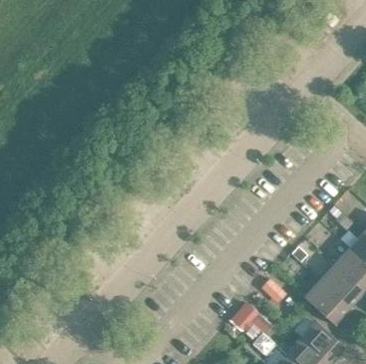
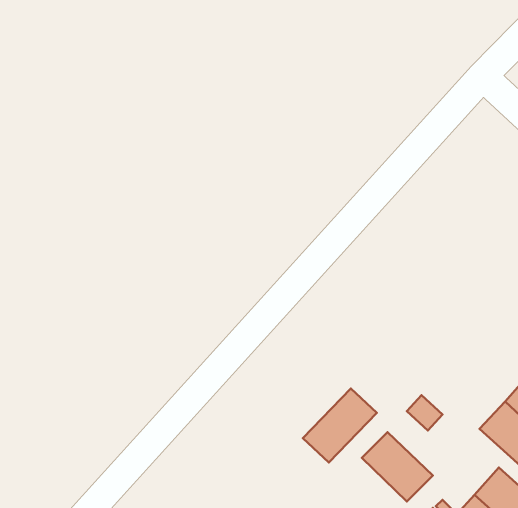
building: none -> [303,389,377,462]

